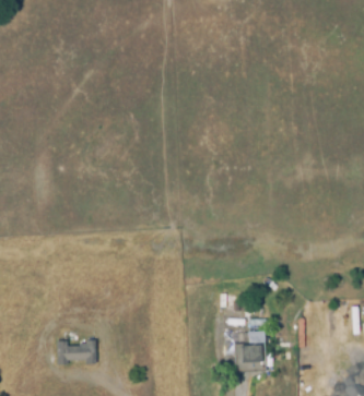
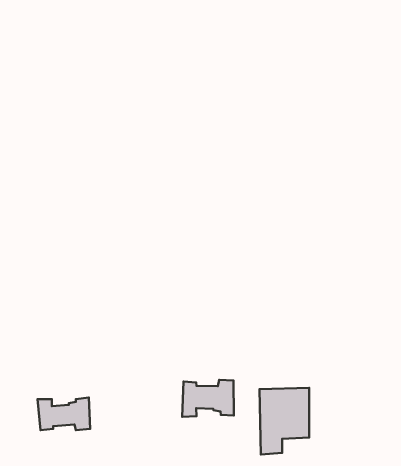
building: none -> [182,380,234,417]

